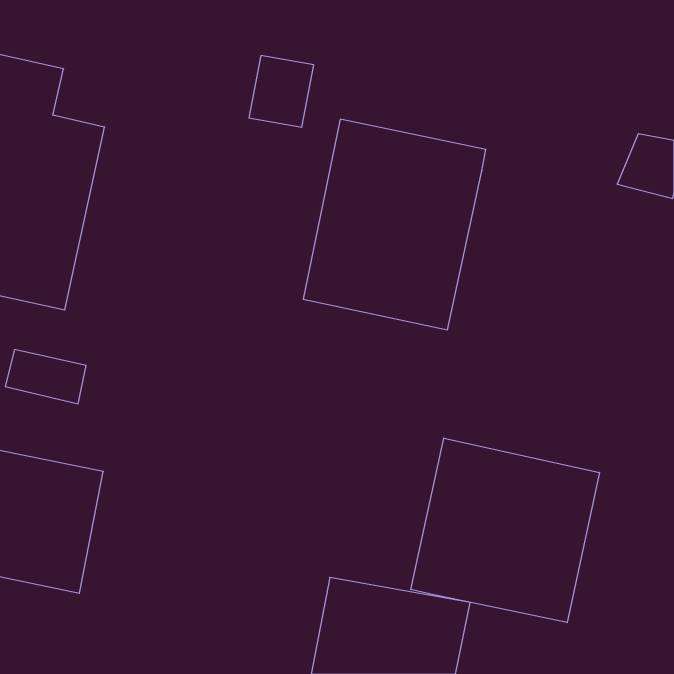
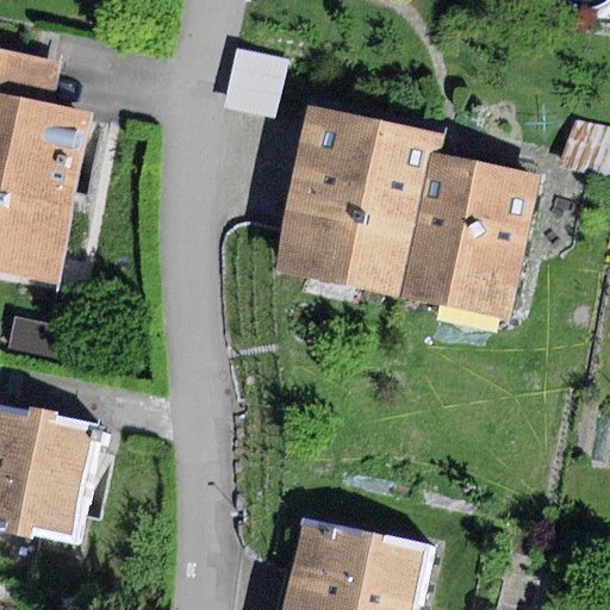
building: none -> [403,154,540,319]
building: [411,438,599,623] -> none

